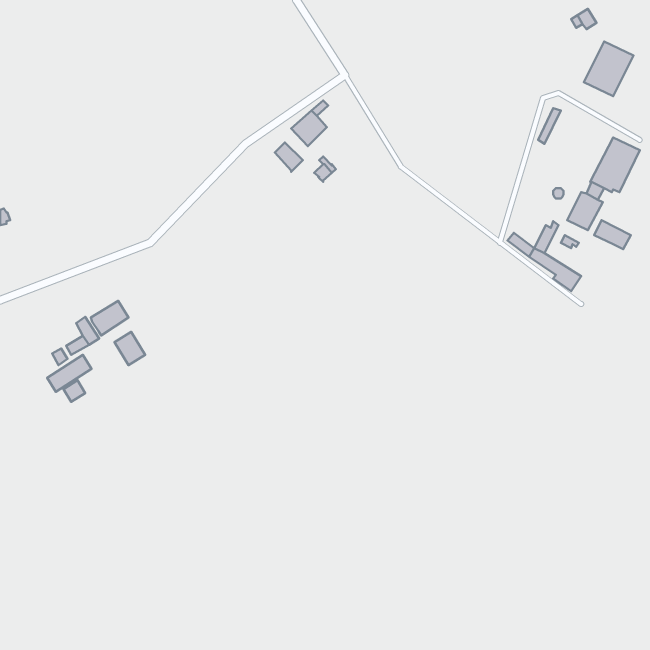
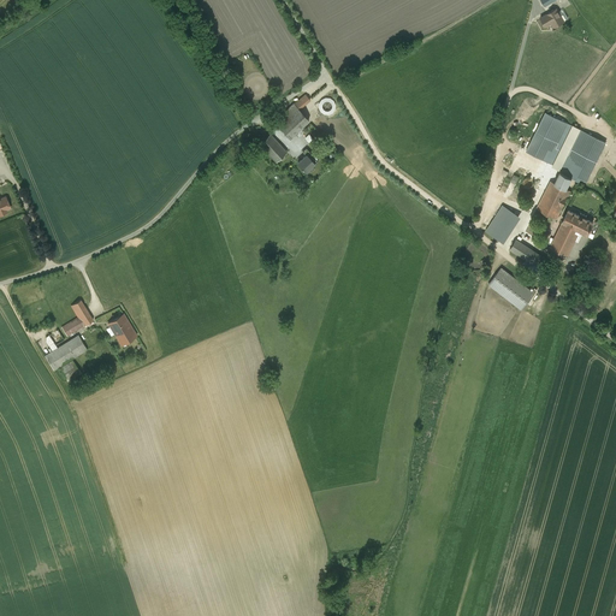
building: [584,41,633,96] -> [526,113,573,165]
building: none -> [550,223,580,256]
building: none -> [488,268,535,309]
building: [91,301,128,335] -> none

